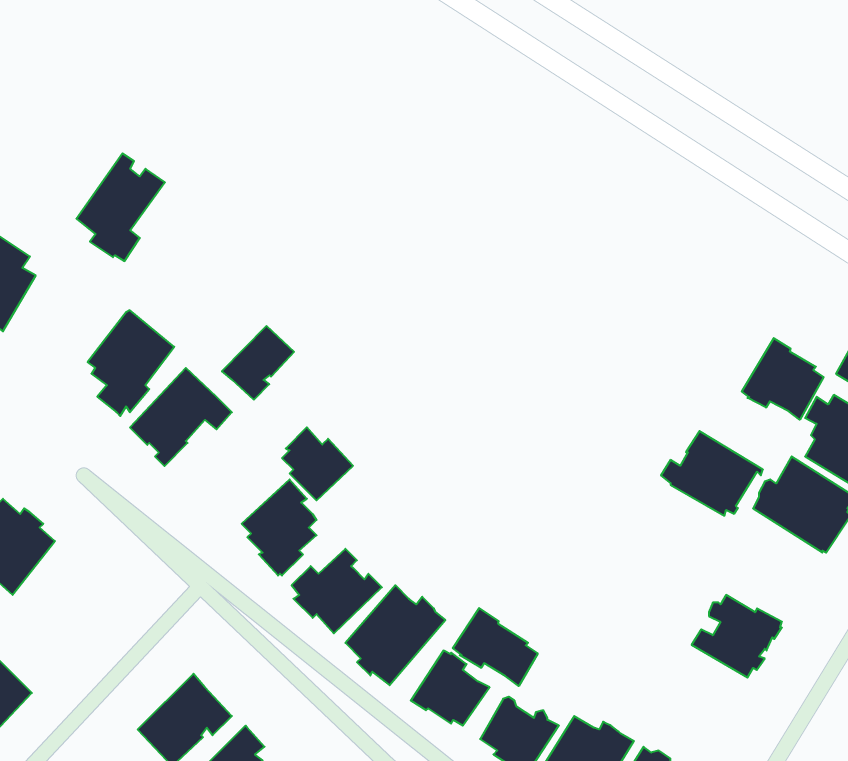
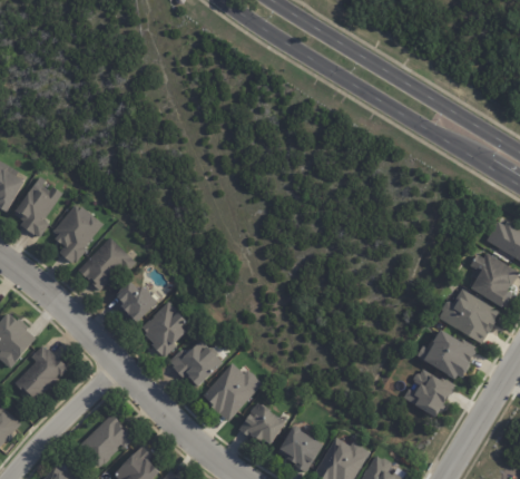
building: [76,153,165,261] -> [13,176,65,238]
building: [222,326,294,400] -> none
building: [742,338,824,420] -> none
building: [282,427,353,500] -> [114,281,155,323]
building: [661,431,763,516] -> [415,329,474,378]
building: none -> [13,346,66,403]
building: [453,608,538,686] -> none

